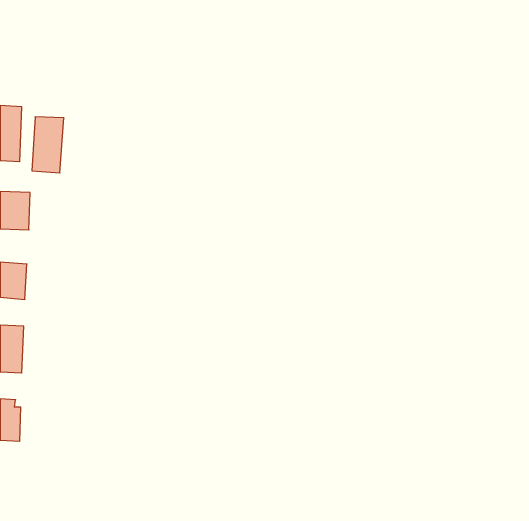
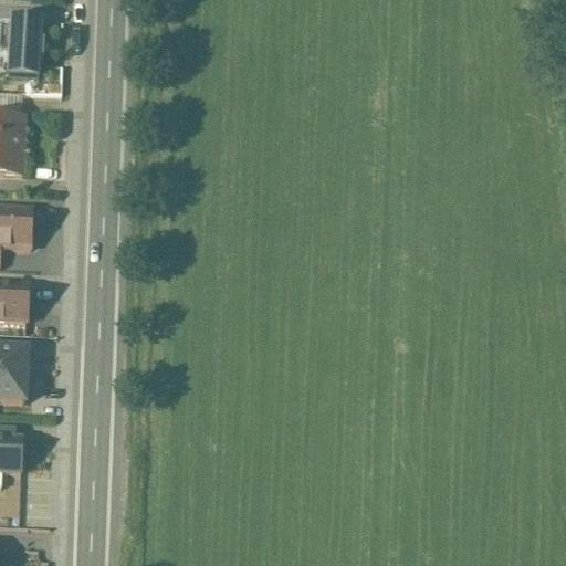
building: [32,117,64,173] -> [7,14,41,74]

